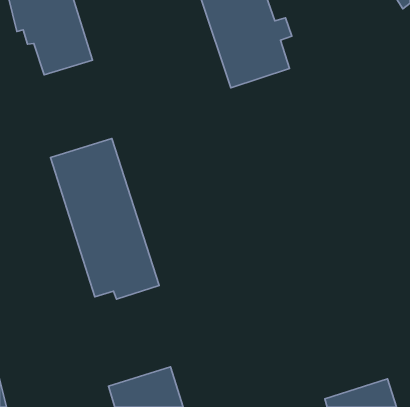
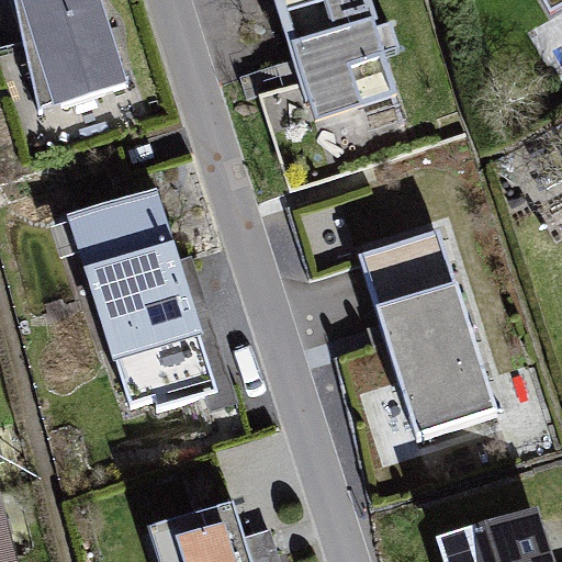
building: none -> [358,229,497,438]

